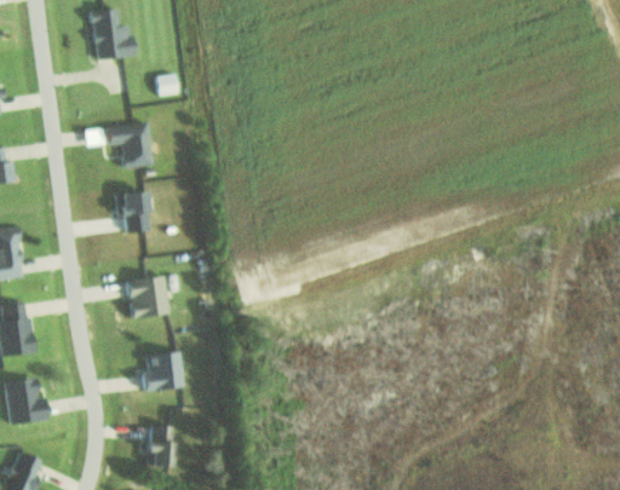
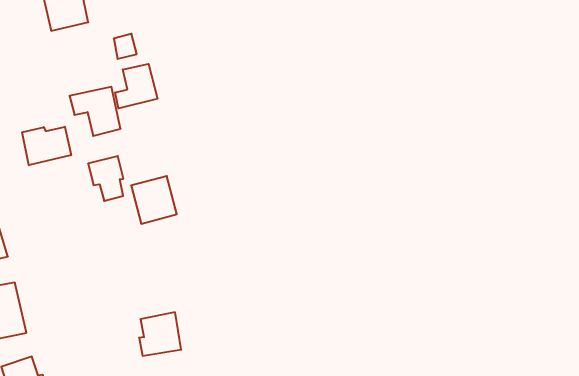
building: none -> [115,64,157,108]
building: none -> [22,127,71,165]
building: [127,276,168,319] -> [131,176,177,224]

